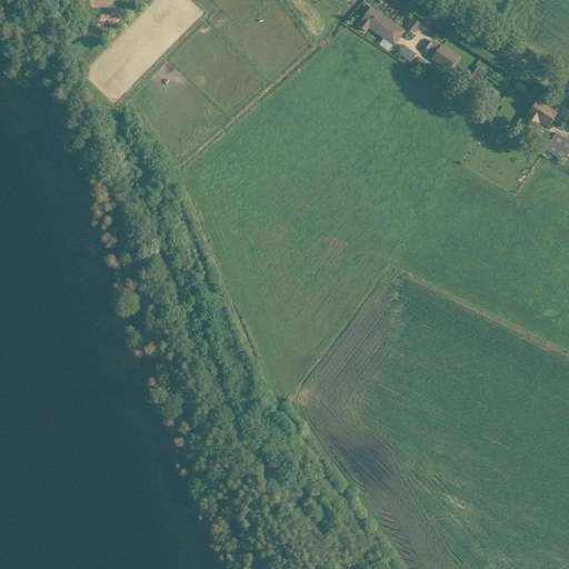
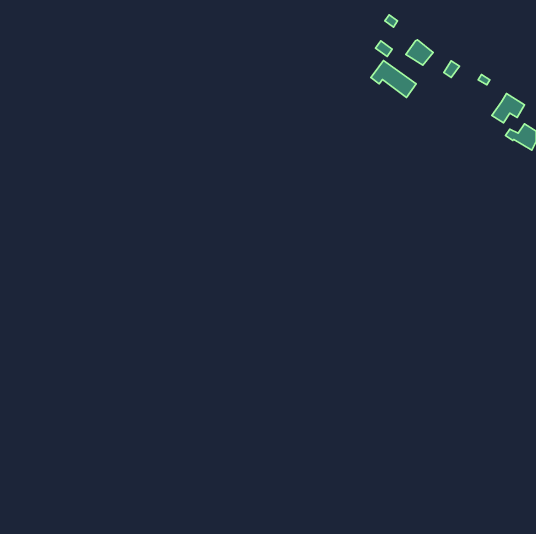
building: [357,6,405,44] -> [371,61,416,97]

